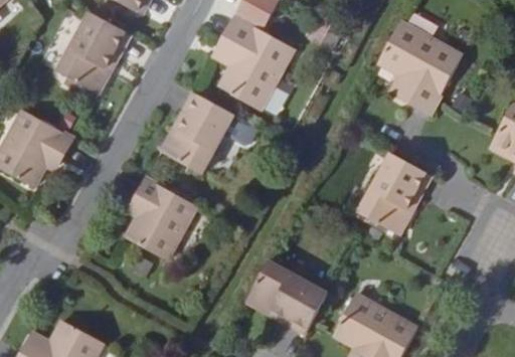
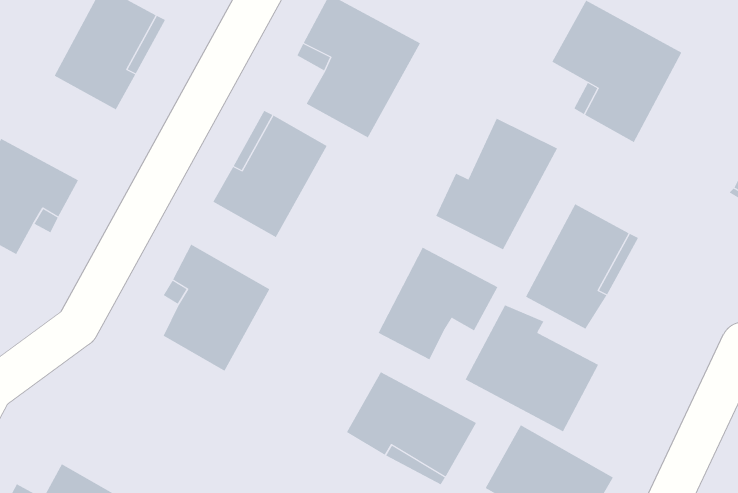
building: none -> [436,118,558,250]
building: none -> [378,247,498,360]
building: none -> [465,304,599,432]

